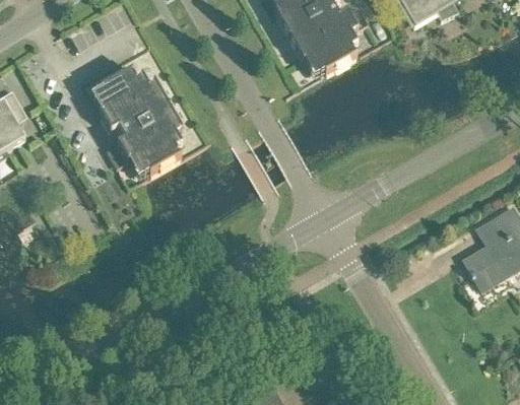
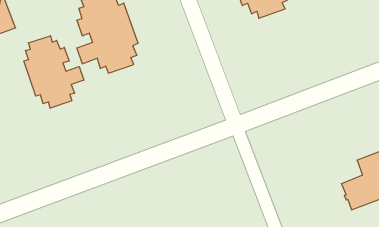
building: none -> [24,36,84,108]

